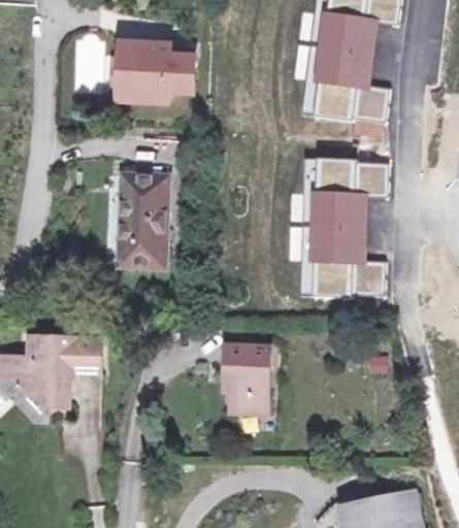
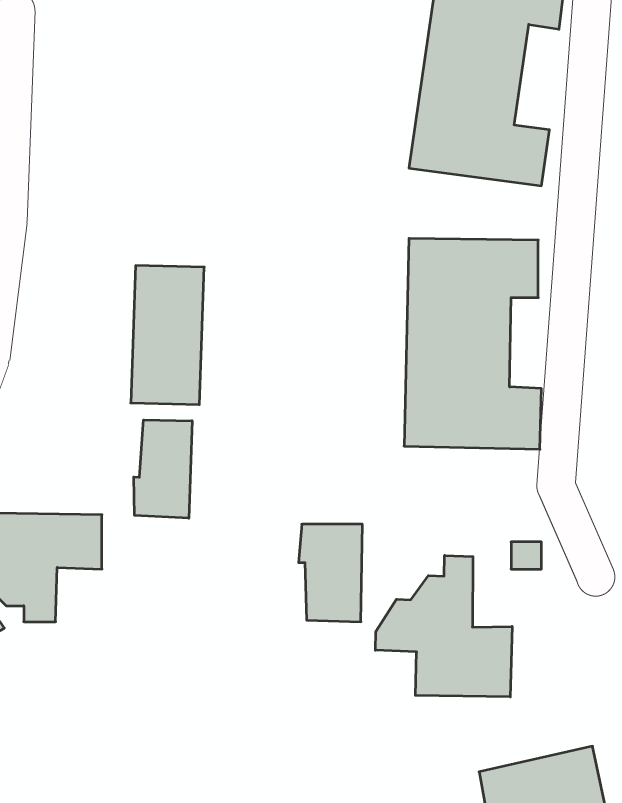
building: [118,46,196,104] -> none
building: none -> [134,420,192,518]
building: none -> [375,555,512,697]

